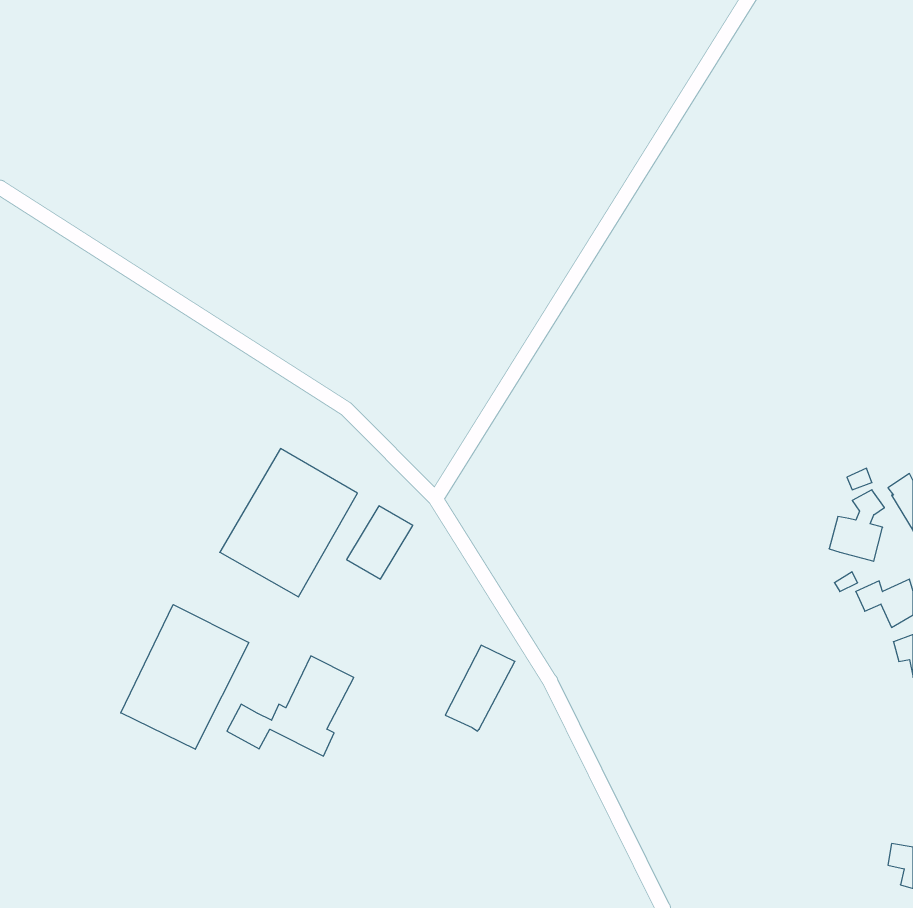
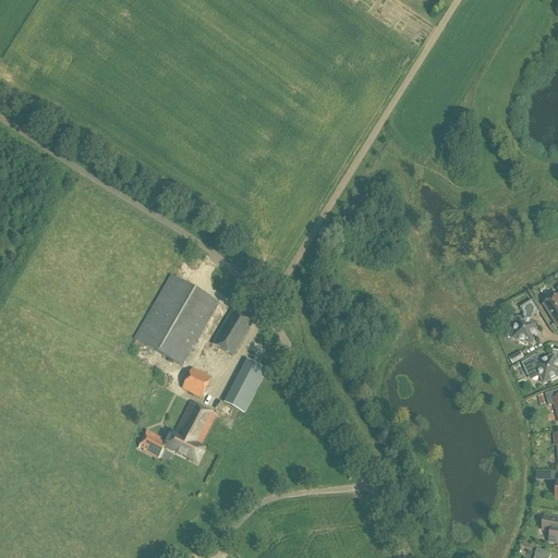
building: none -> [182,366,210,396]
building: [121,605,249,749] -> none
building: [445,645,515,731] -> [223,359,266,411]

